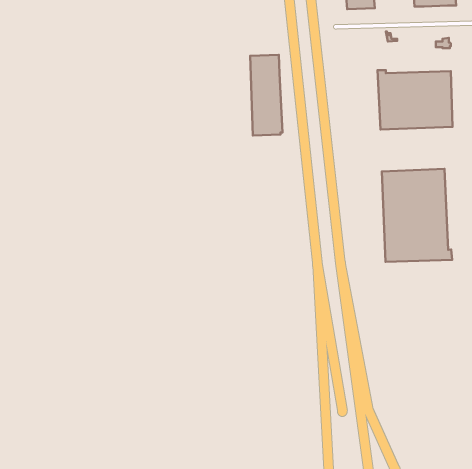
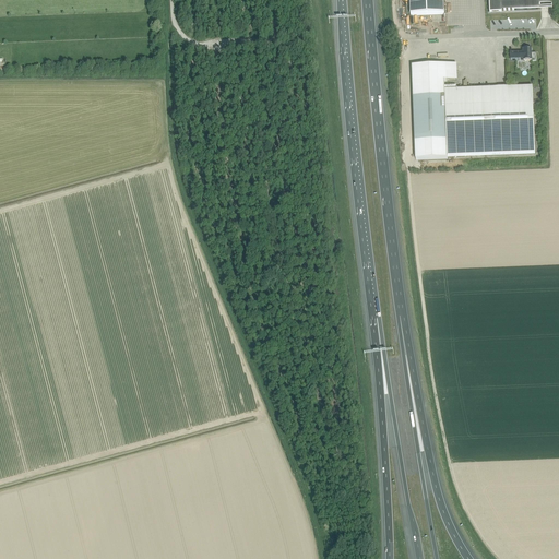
building: [250,55,282,135] -> [411,61,449,156]
building: [382,169,452,262] -> none

